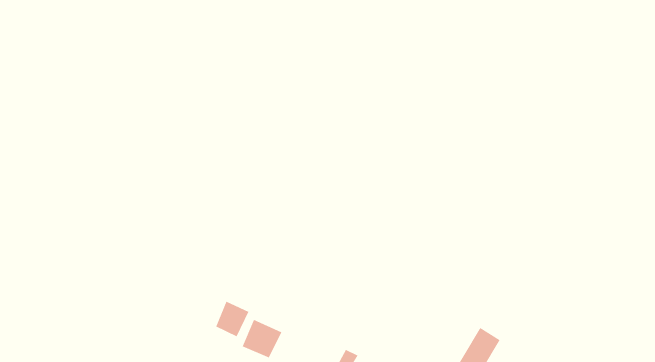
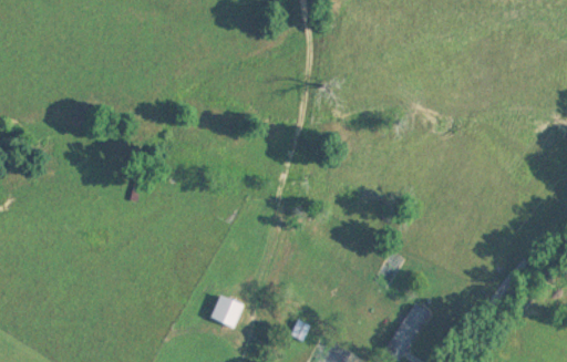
building: [215,301,249,337] -> none

